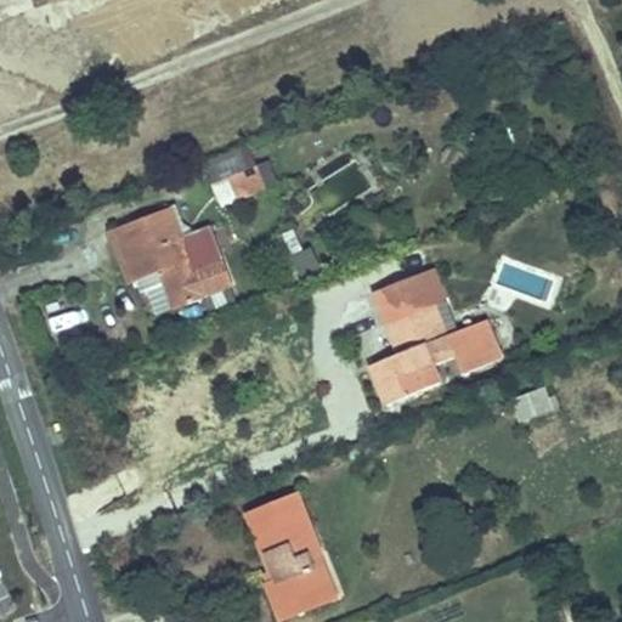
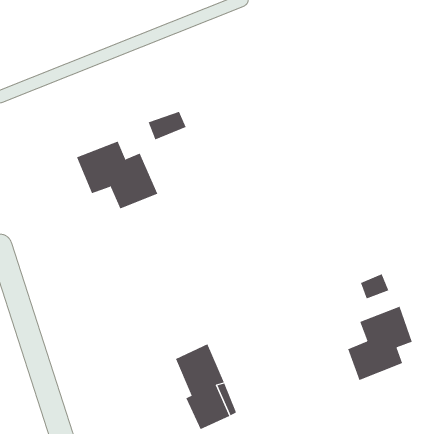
building: [368,273,496,406] -> none
building: none -> [347,306,413,381]

